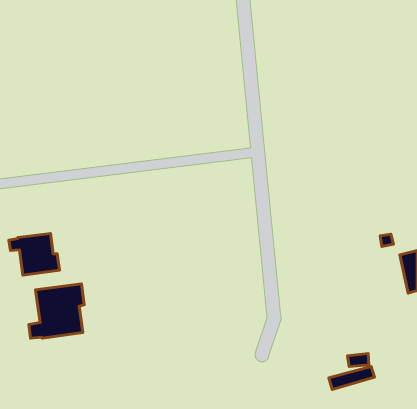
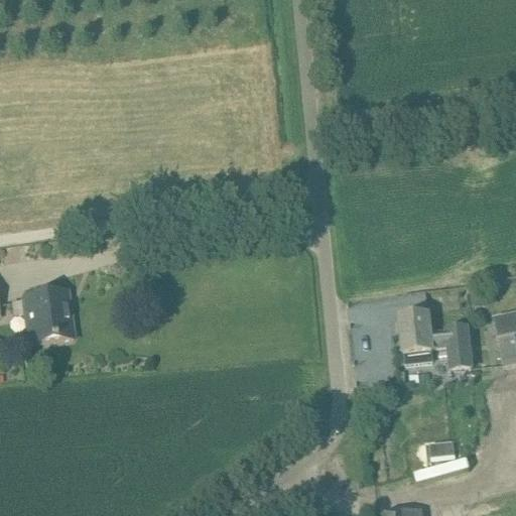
building: none -> [400,309,474,366]
building: [29,284,84,338] -> none

